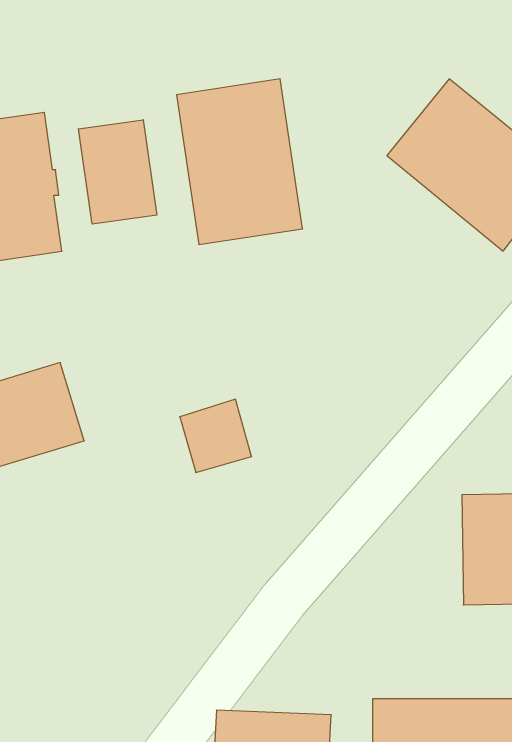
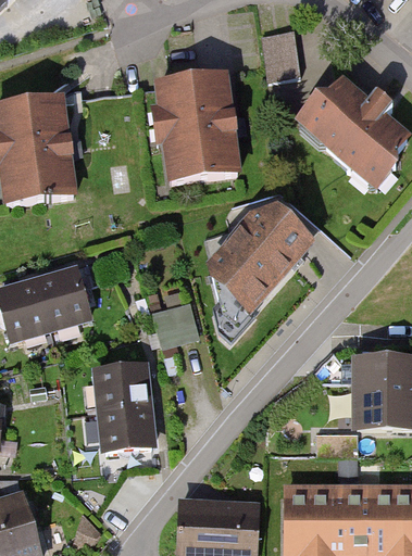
building: none -> [262,25,304,77]
building: [79,120,157,224] -> none
building: none -> [204,211,310,320]
building: none -> [91,364,155,454]

